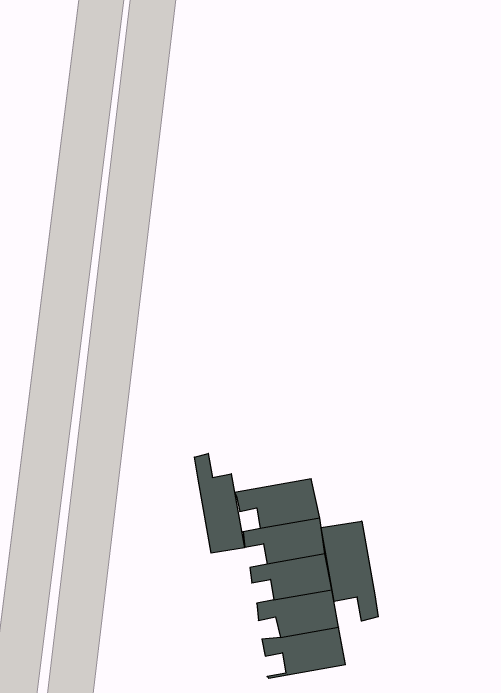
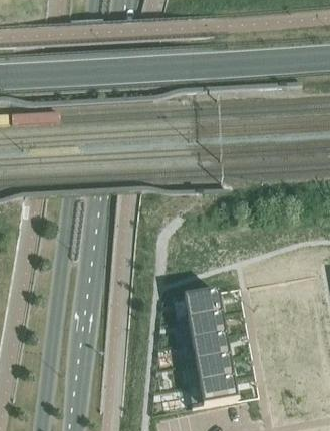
building: [194,453,244,553] -> none
building: [321,521,378,621] -> none

